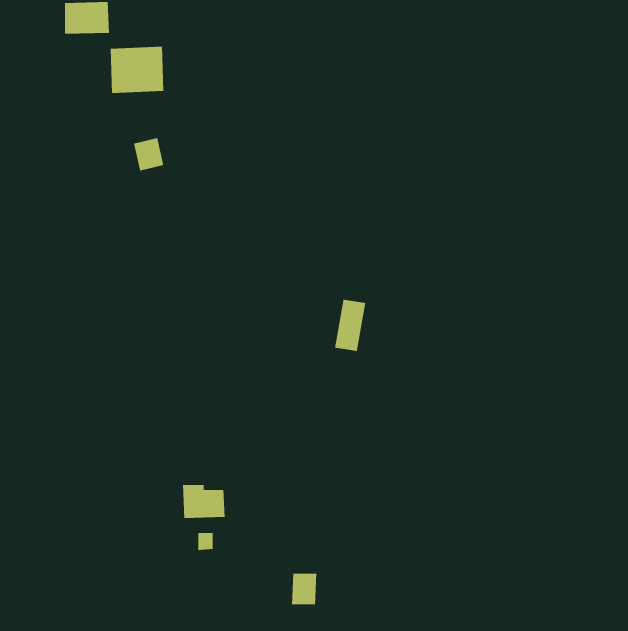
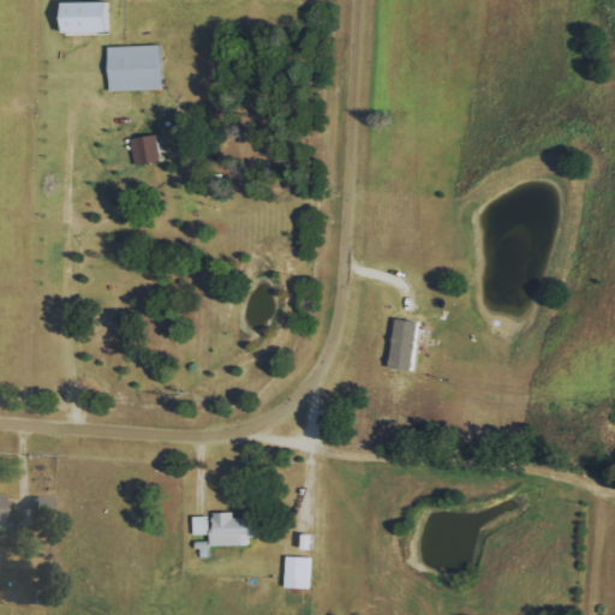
building: [334,299,366,352] -> [387,318,418,370]
building: [182,484,225,519] -> [210,513,252,547]

